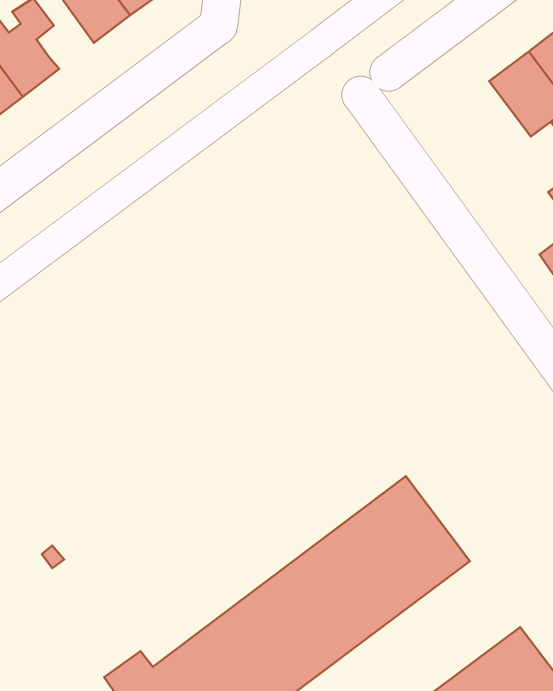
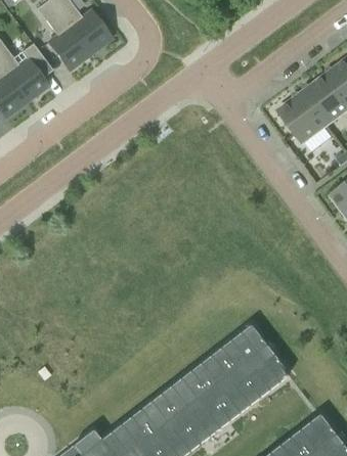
building: none -> [277,93,326,143]

